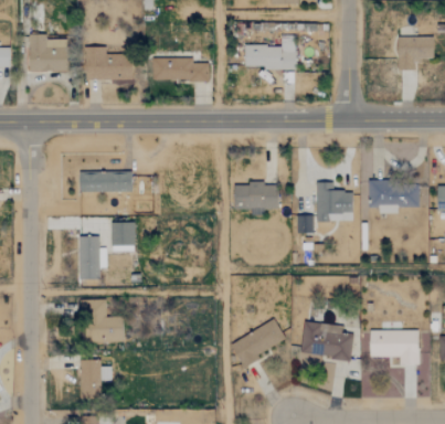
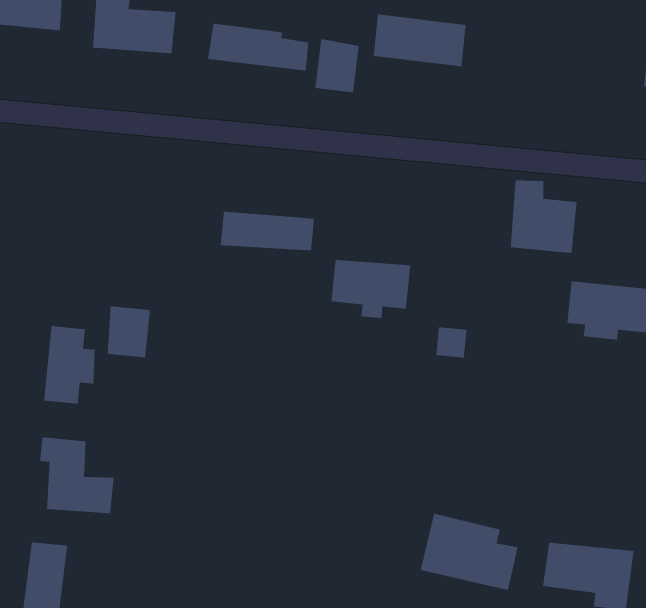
building: none -> [315,38,360,93]
building: [80,171,131,192] -> [220,211,315,251]
building: [316,181,352,221] -> [510,179,577,254]
building: [230,319,285,368] -> none

